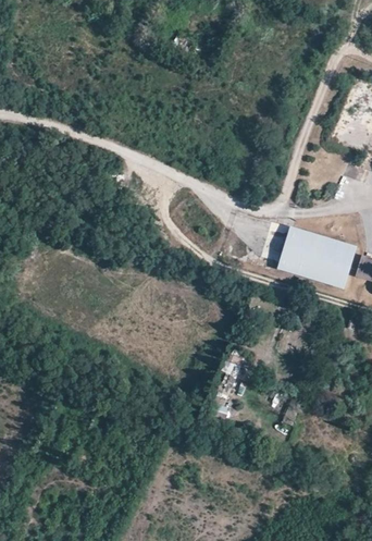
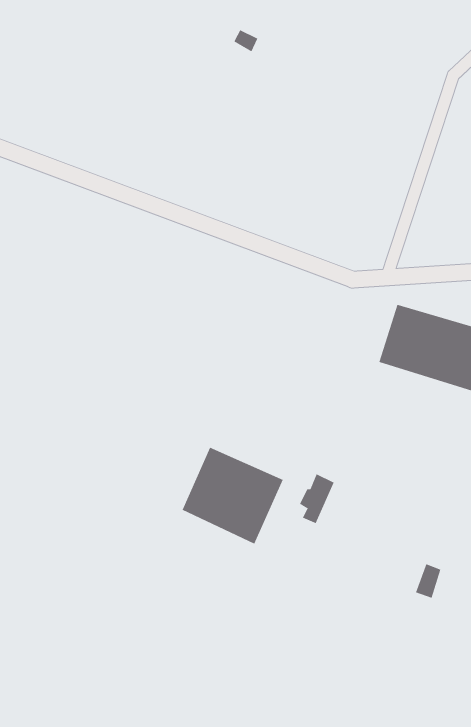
building: none -> [182,447,284,544]

